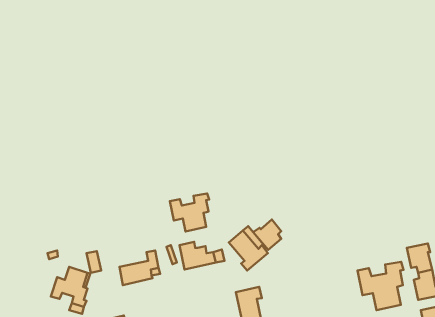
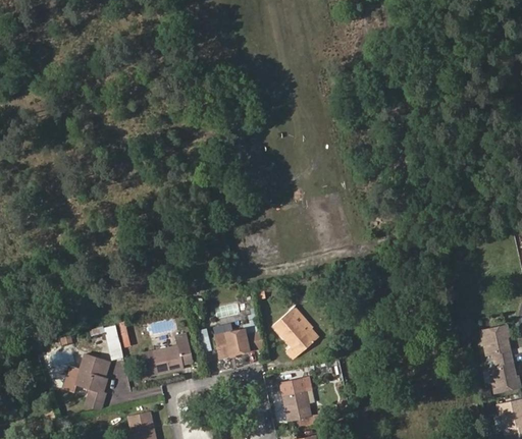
building: [170,193,209,231] -> none
building: [253,219,281,250] -> none
building: [358,262,403,310] -> none

